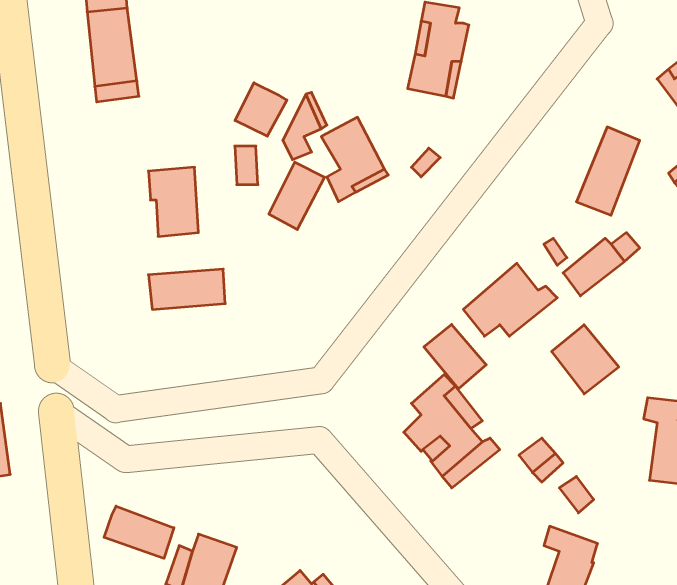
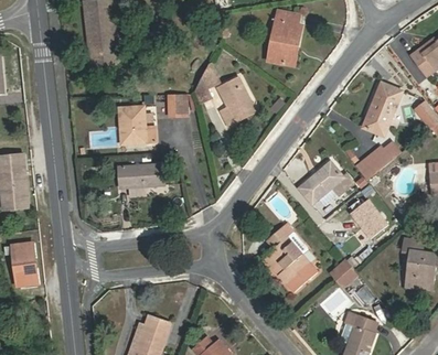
building: [235,83,287,136] -> none
building: [269,162,325,230] -> none
building: [424,324,486,389] -> none
building: [104,506,174,558] -> none

